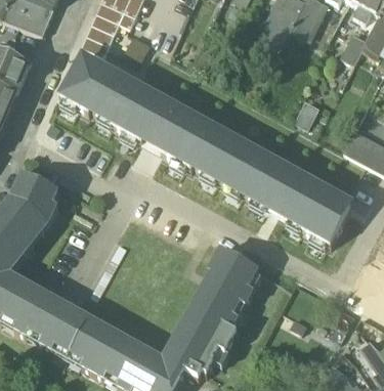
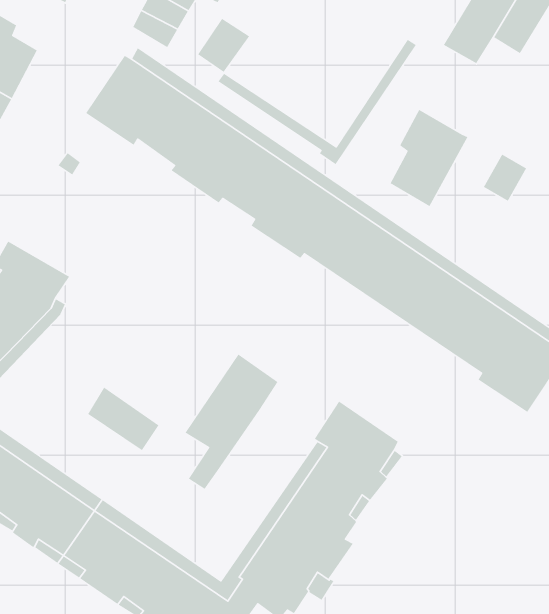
building: none -> [218,39,417,165]
building: none -> [389,109,468,207]
building: none -> [185,354,278,490]
building: none -> [87,386,159,451]

